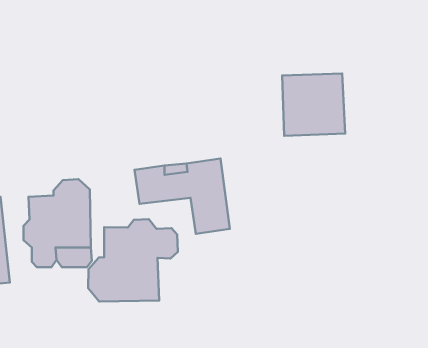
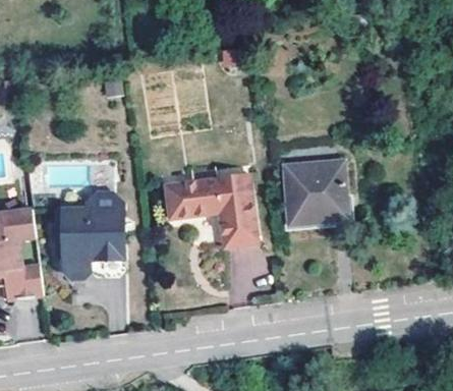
building: [282,74,345,136] -> [284,164,346,225]
building: [88,219,178,301] -> none

